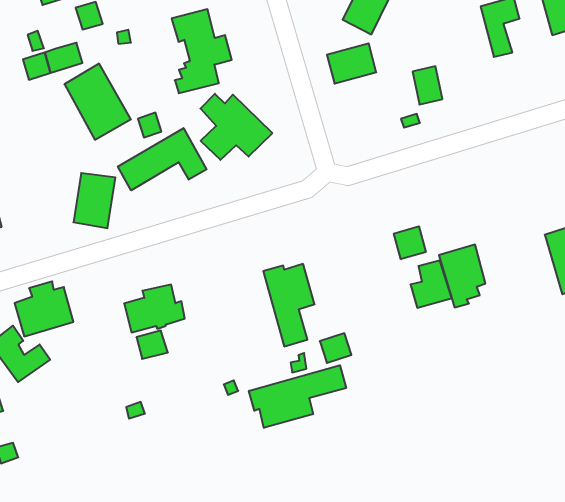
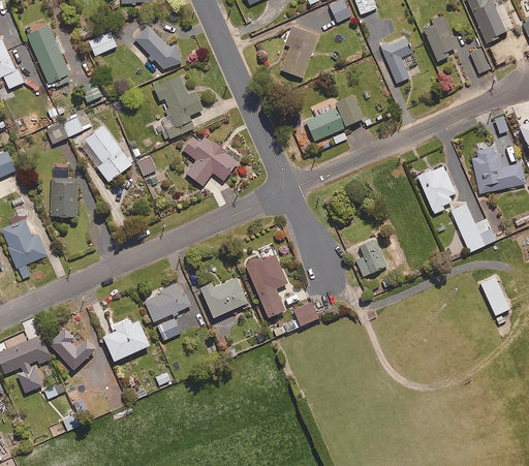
building: [327,43,376,84] -> [306,107,344,141]
building: [118,128,207,190] -> none
building: [73,173,115,228] -> [51,178,77,216]
building: [394,226,426,259] -> none
building: [439,245,485,307] -> [417,164,455,213]
building: [15,281,73,336] -> [103,317,149,361]
building: none -> [199,277,247,317]
building: [249,365,346,428] -> none

